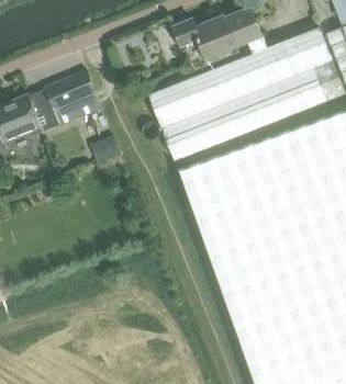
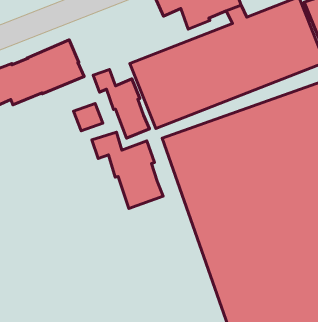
building: none -> [93,70,149,138]
building: none -> [92,132,163,209]

